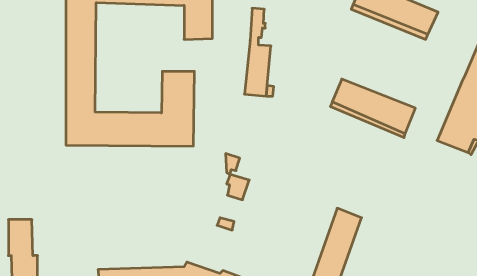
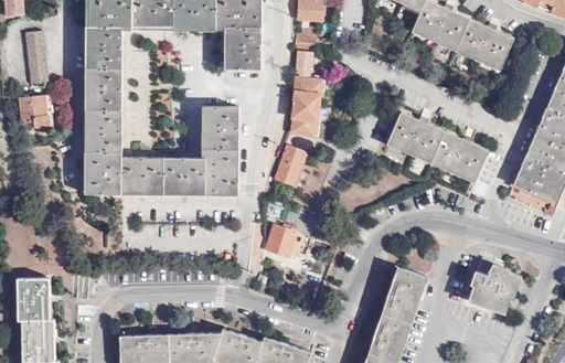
building: none -> [25,30,45,85]
building: none -> [14,94,47,128]
building: none -> [279,147,307,184]
building: none -> [469,260,519,314]

